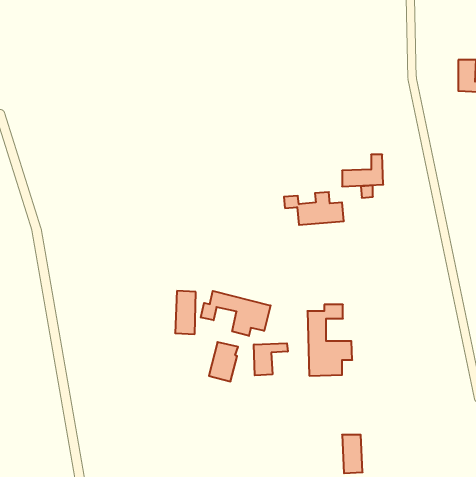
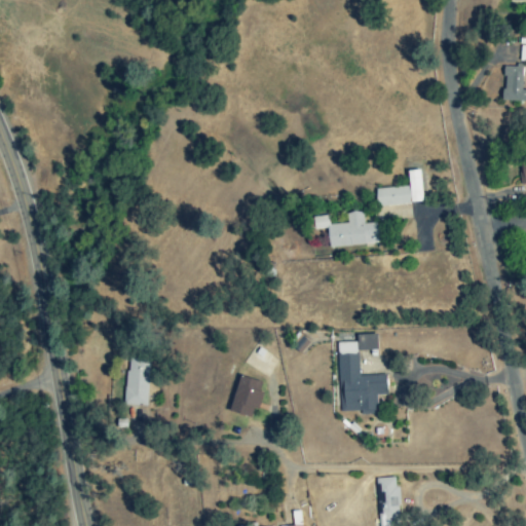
building: [201,291,271,336] -> none
building: [175,291,196,334] -> [127,358,150,405]
building: [254,343,288,375] -> none

